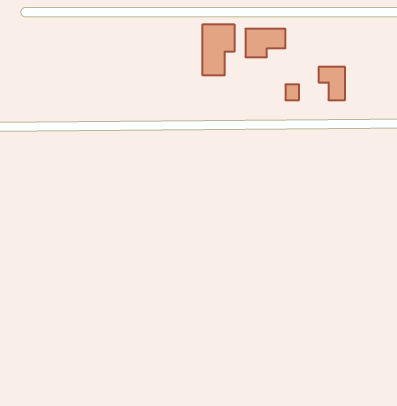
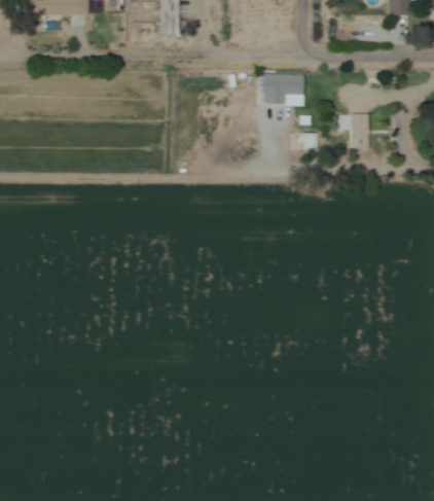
building: [203,24,234,75] -> none

